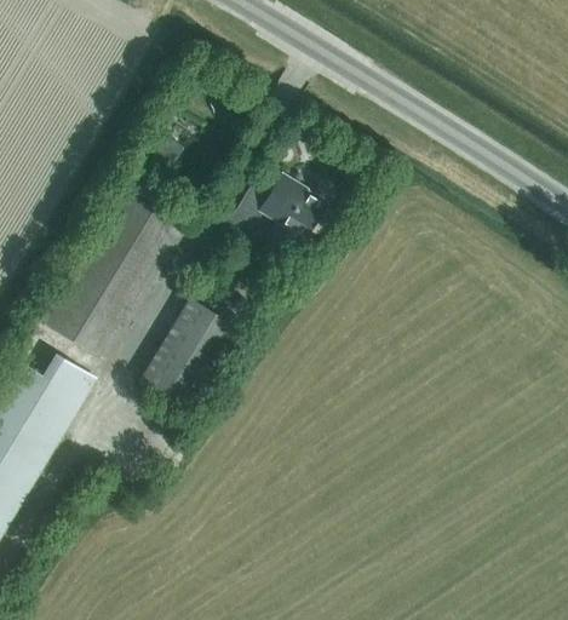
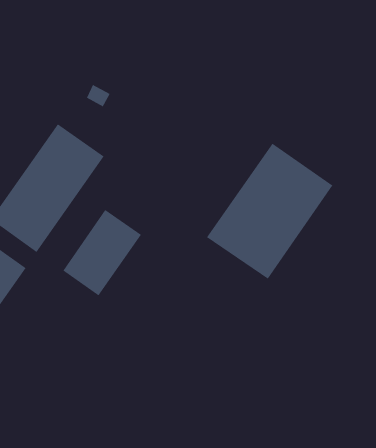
building: [228,177,326,237] -> none
building: none -> [206,143,333,280]

